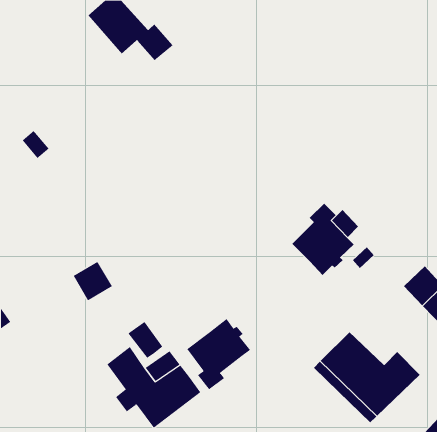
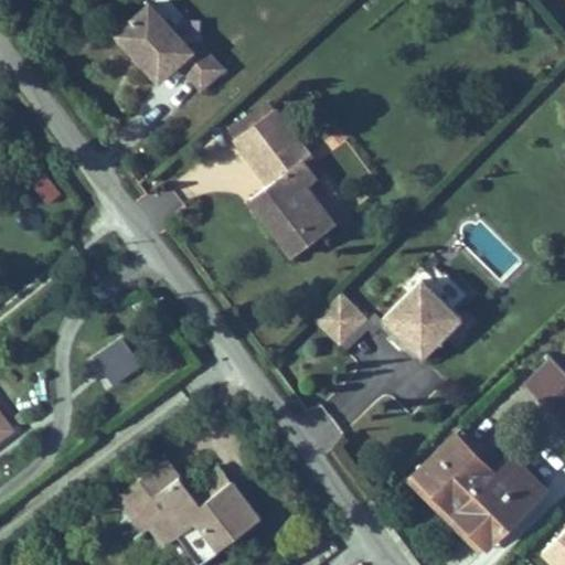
building: none -> [232,106,335,257]
building: none -> [310,296,364,351]
building: [186,318,251,390] -> none
building: [128,321,163,359] -> [121,478,167,525]

